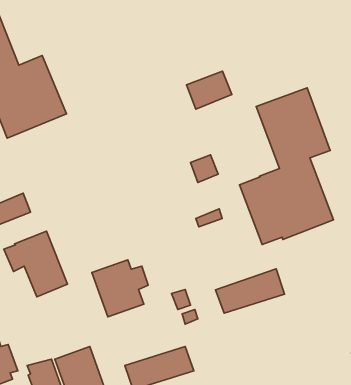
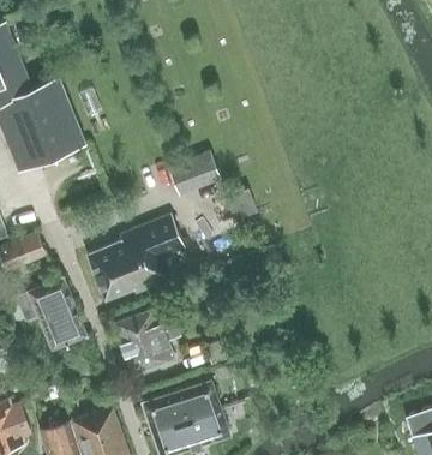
building: [186,71,232,109] -> [168,152,220,196]
building: [240,88,333,245] -> none
building: none -> [86,215,188,300]
building: [216,269,285,313] -> [142,378,220,429]

